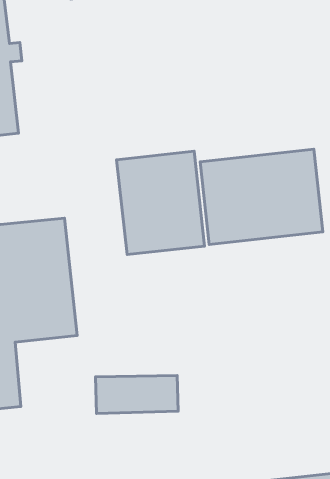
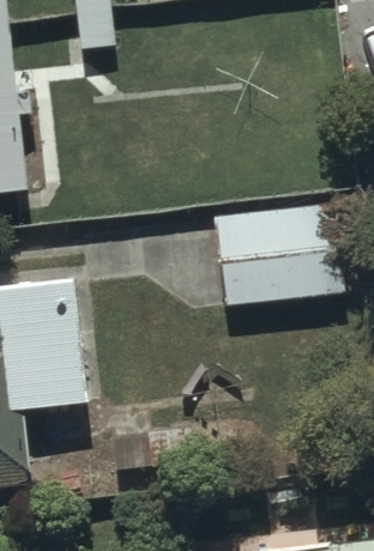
building: [117,151,205,255] -> none

